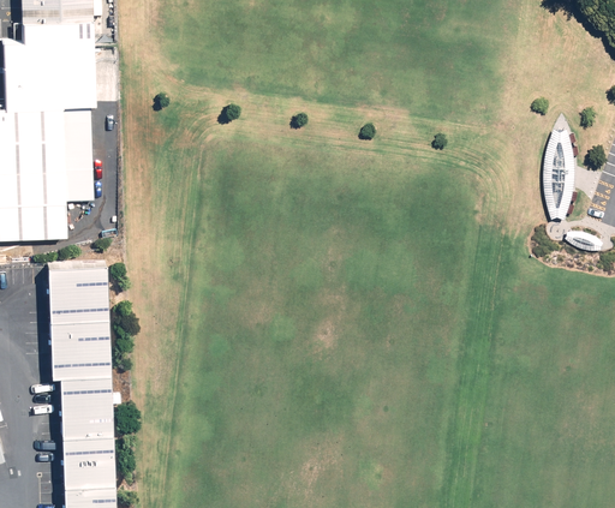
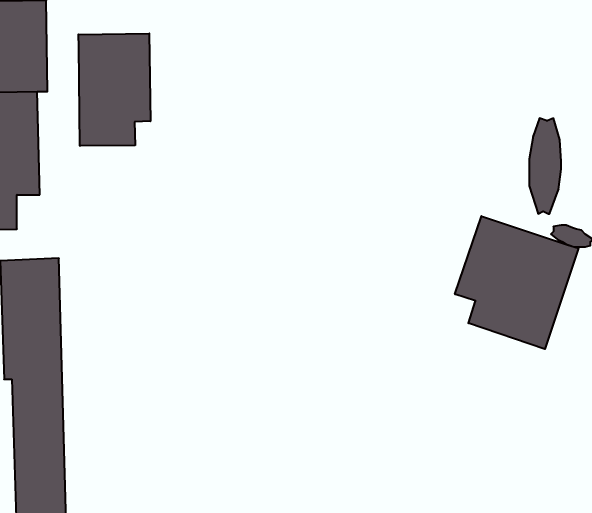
building: none -> [78,33,150,146]
building: none -> [455,216,578,349]

